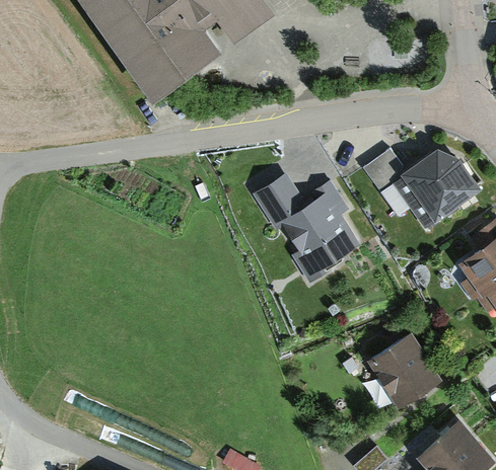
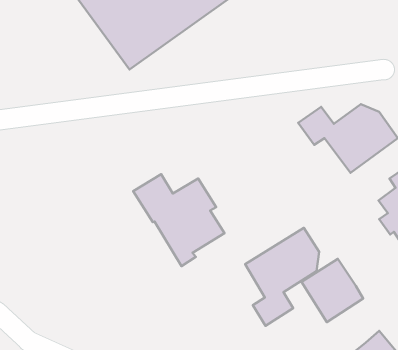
building: [252,173,361,284] -> [133,174,224,266]
building: none -> [245,228,319,326]

